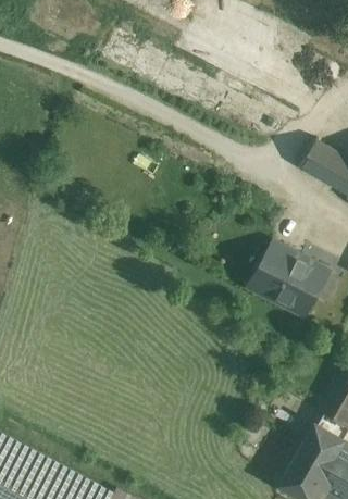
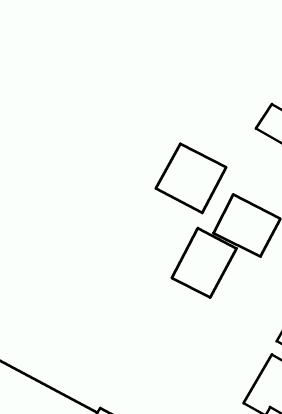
building: none -> [156,144,226,213]
building: none -> [172,228,237,298]

